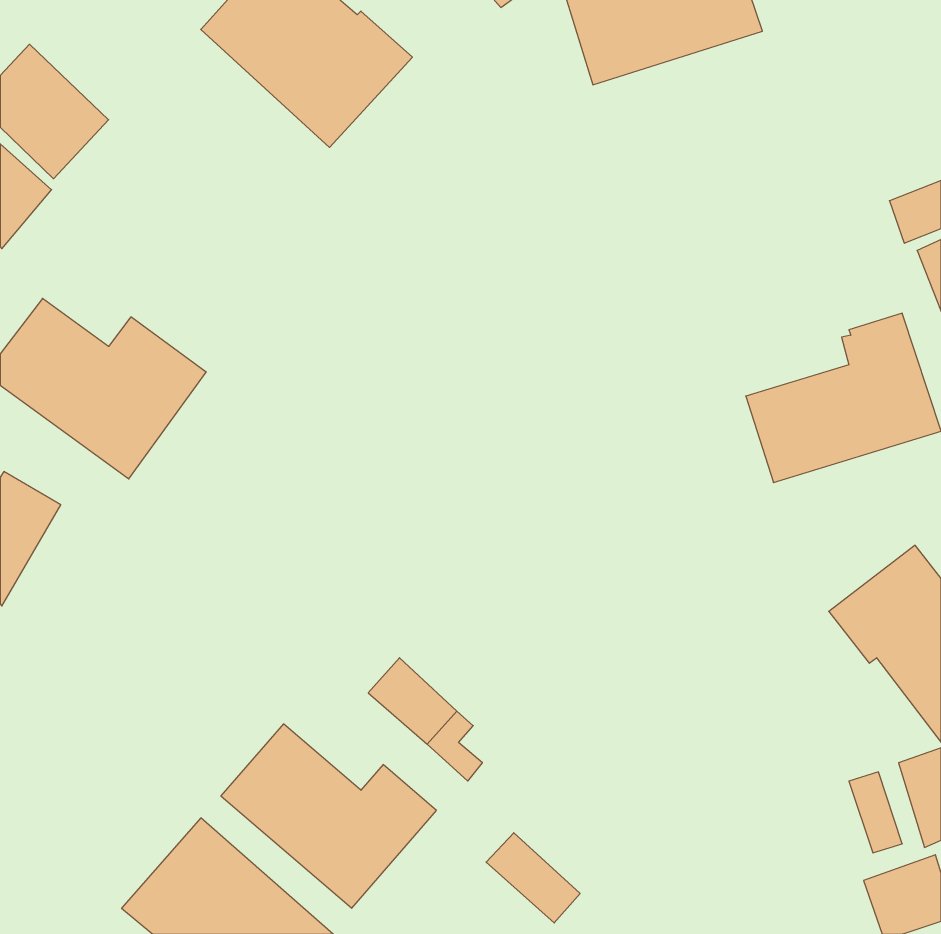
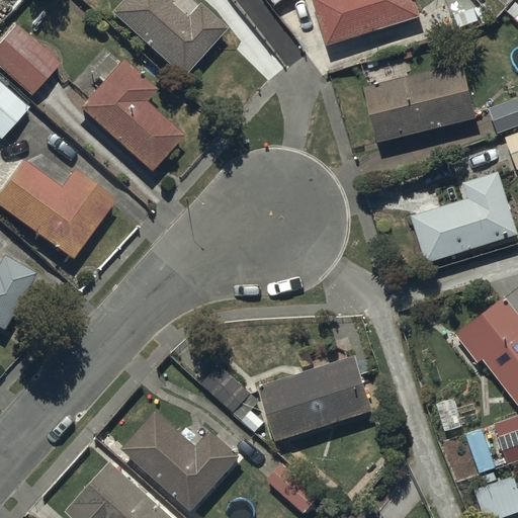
building: none -> [80,58,183,175]
building: none -> [364,65,476,145]
building: none -> [261,344,372,428]

